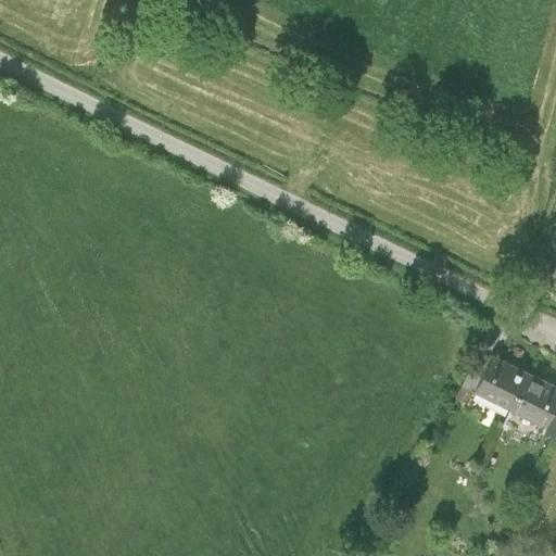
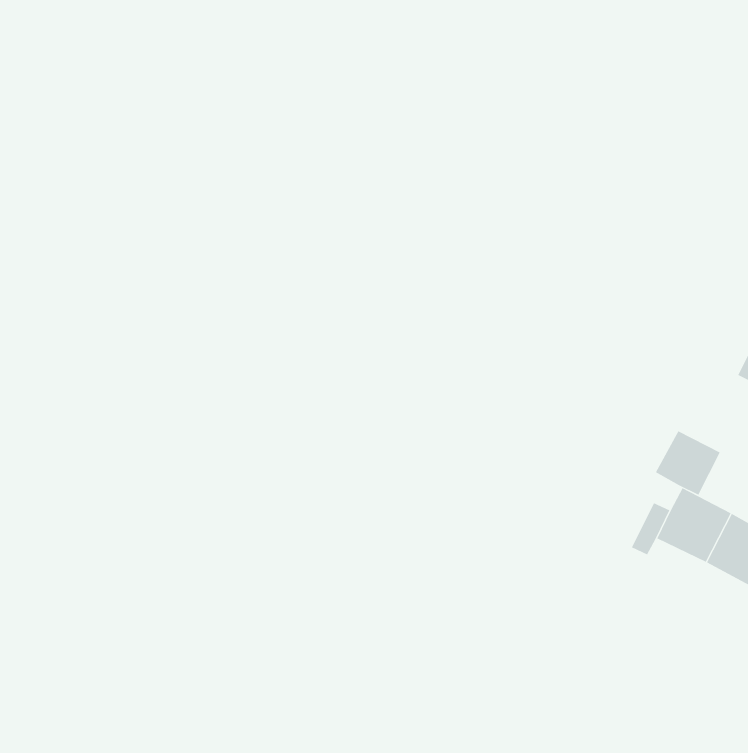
building: none -> [655,430,721,496]

